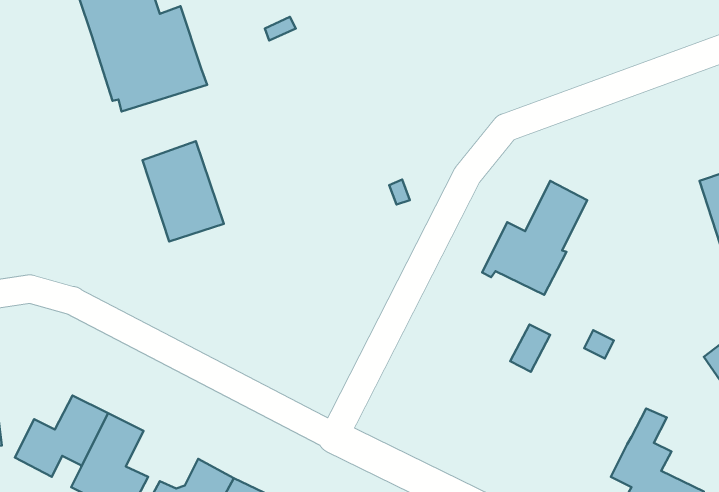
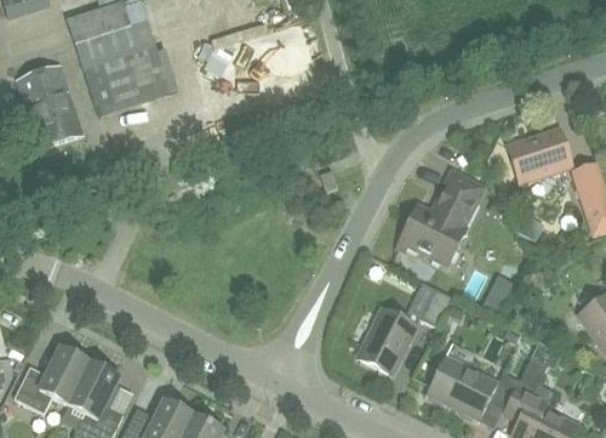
building: none -> [507,127,571,182]
building: [143,141,224,242] -> [17,64,84,147]
building: none -> [356,307,416,374]
building: none -> [425,355,519,420]

